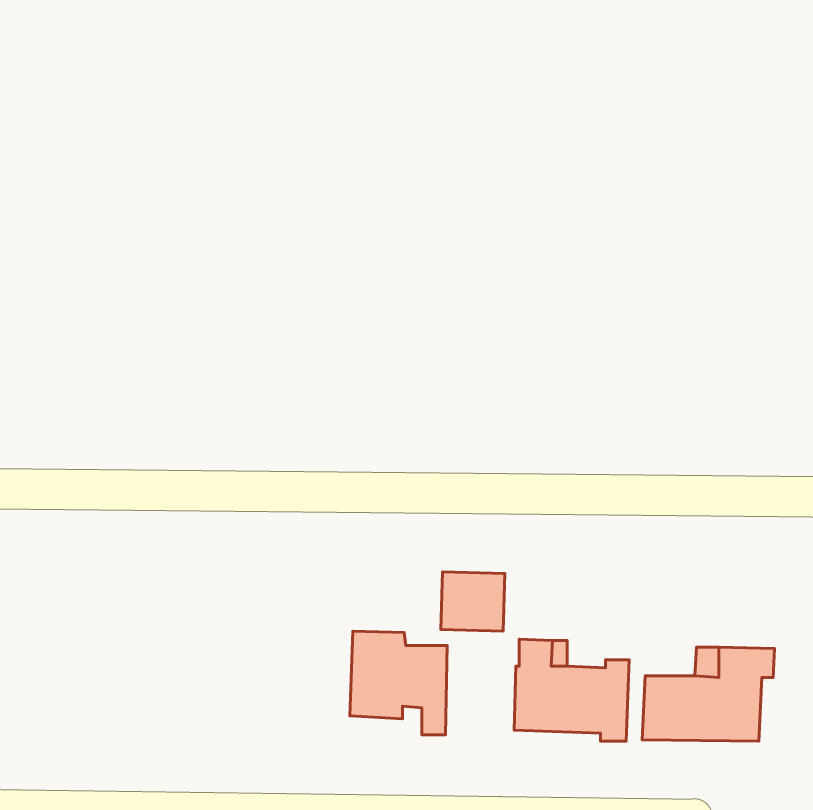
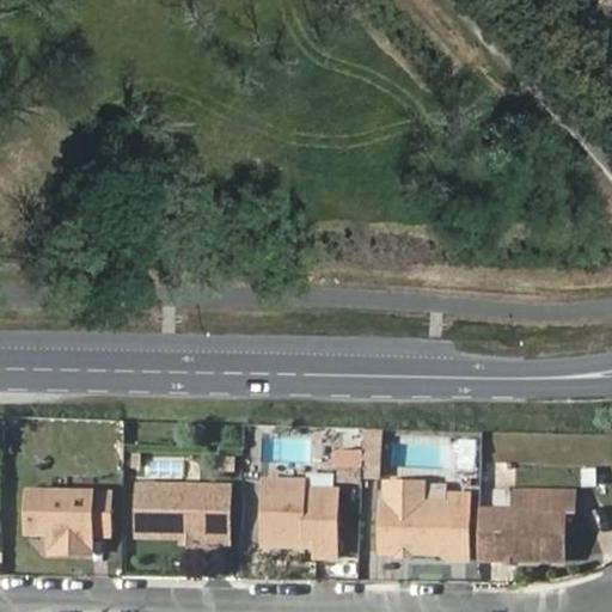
building: none -> [134,485,226,541]
building: none -> [27,491,105,551]

